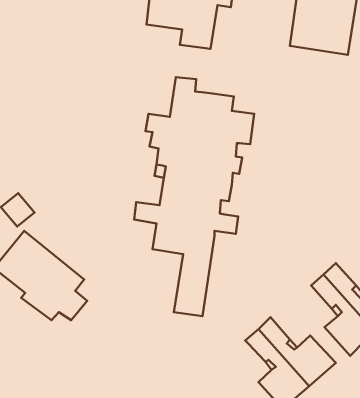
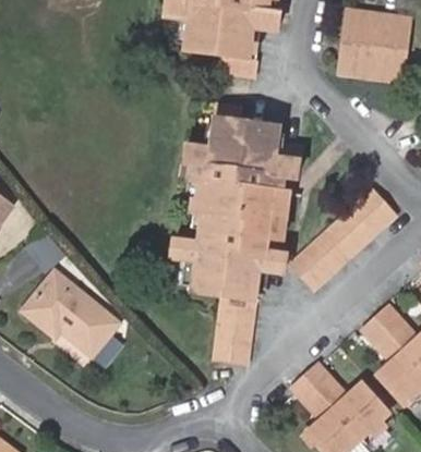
building: none -> [292,191,394,289]

